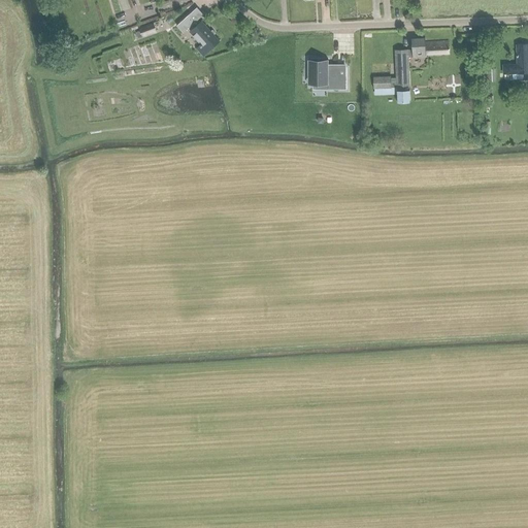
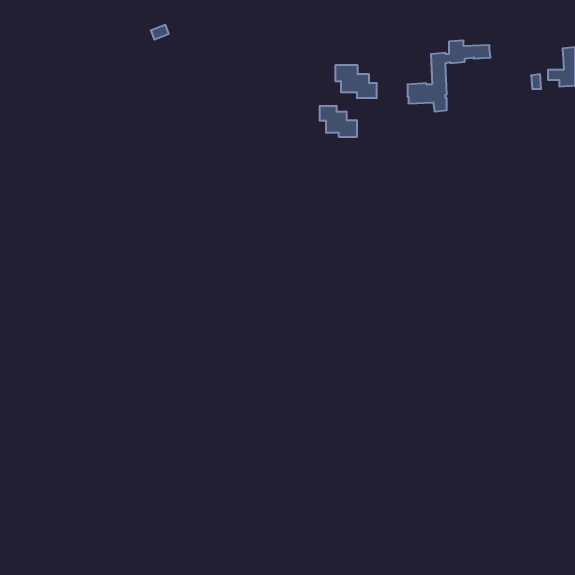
building: [176,8,219,55] -> none
building: none -> [320,106,357,137]

